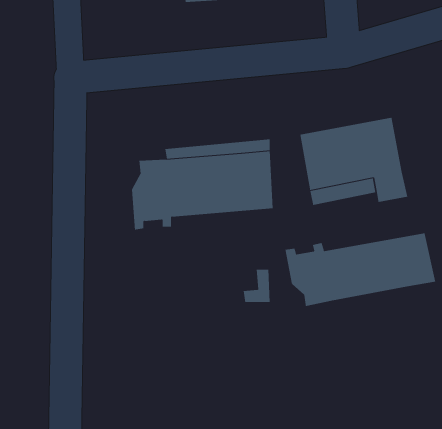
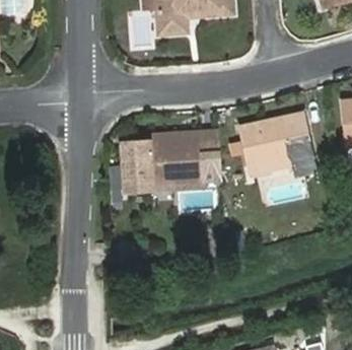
building: [285,233,436,307] -> none

